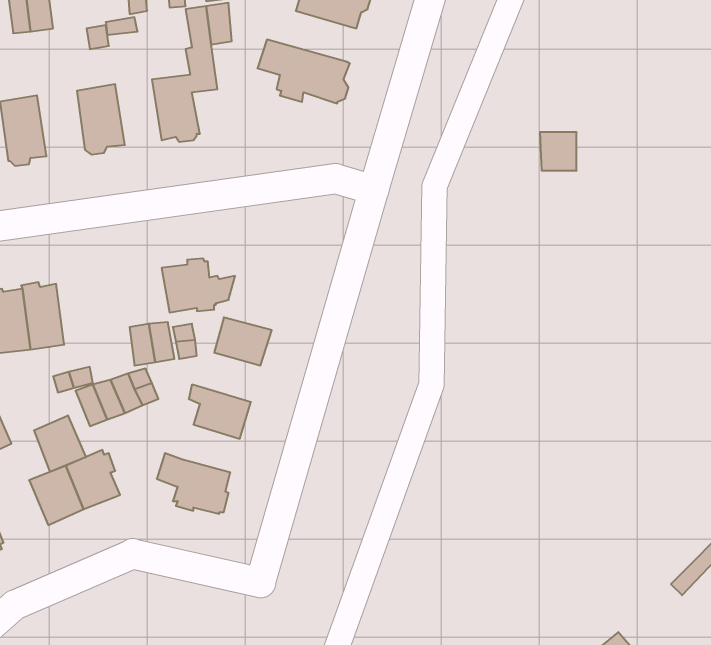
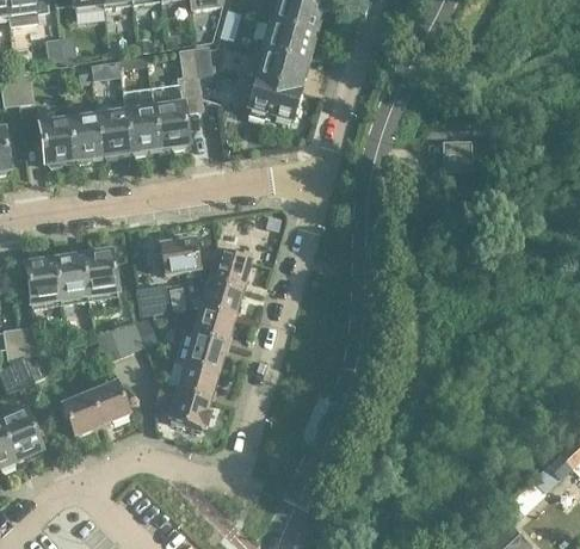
building: none -> [239,50,308,88]
building: none -> [125,101,160,154]
building: none -> [67,110,103,161]
building: none -> [81,248,117,300]
building: none -> [206,248,251,289]
building: none -> [183,303,234,343]
building: [34,415,86,472] -> none
building: none -> [175,359,218,395]

